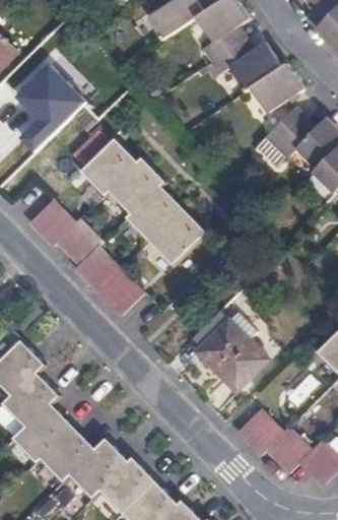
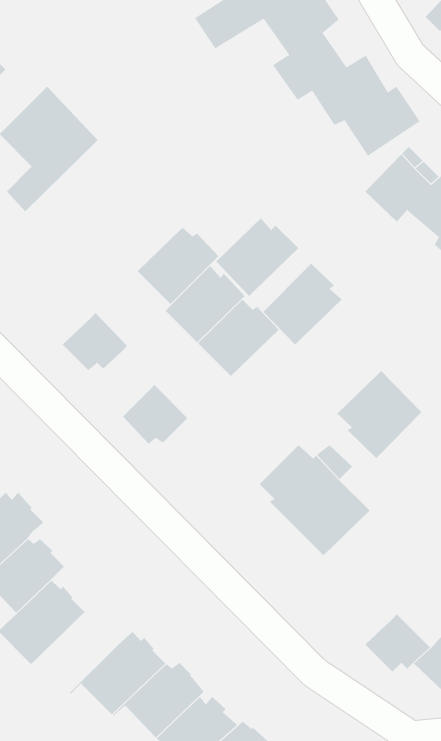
building: [80,140,138,195] -> [215,217,299,297]
building: none -> [262,263,342,345]
building: [29,200,75,242] -> none
building: [75,247,120,287] -> none
building: none -> [336,370,422,459]
building: [236,408,283,451] -> none
building: [35,430,94,482] -> none

